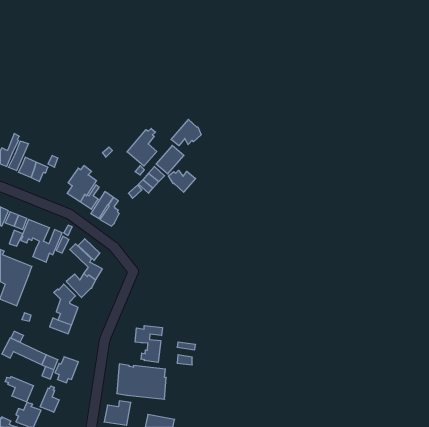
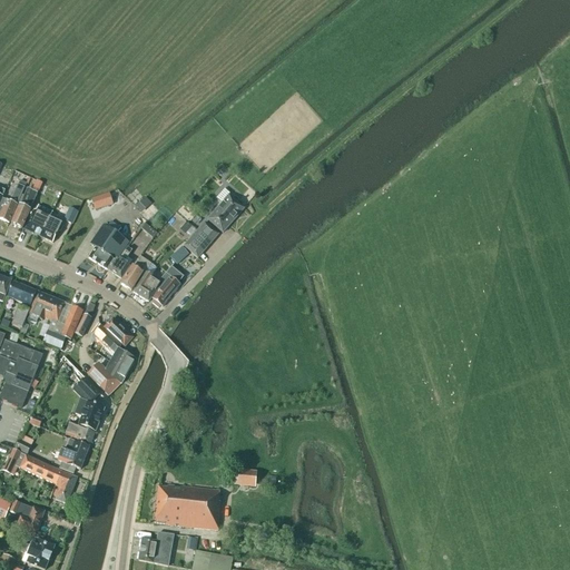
building: [171,119,201,146] -> none
building: [127,128,157,166] -> none
building: [168,170,196,192] -> none
building: none -> [151,271,183,306]
building: [135,326,162,362] -> none
building: [55,357,78,383] -> [58,438,89,472]
building: [40,386,59,412] -> none

